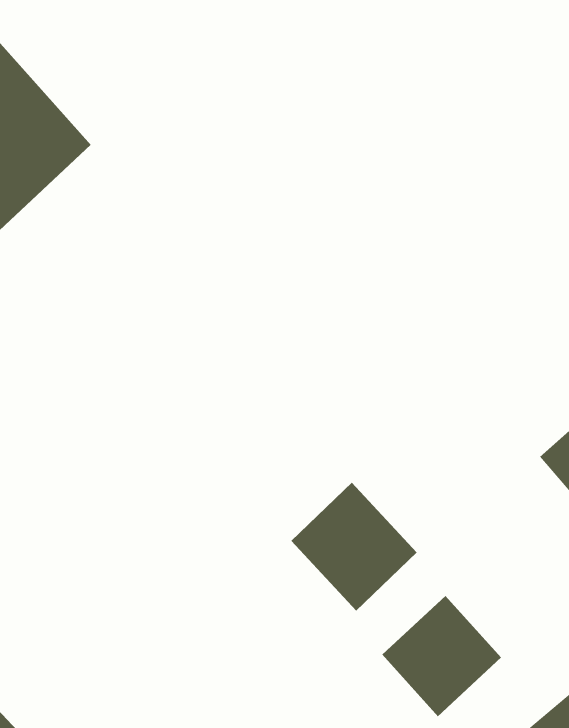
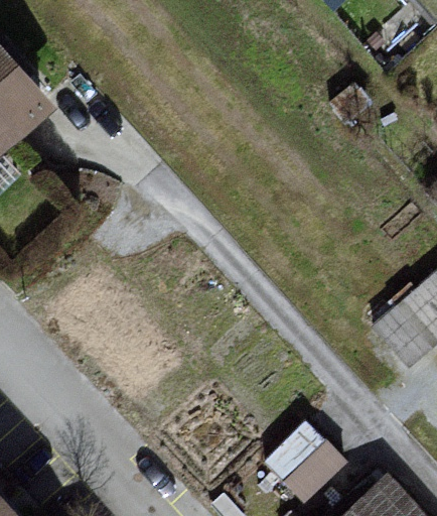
building: [291,482,418,611] -> none

